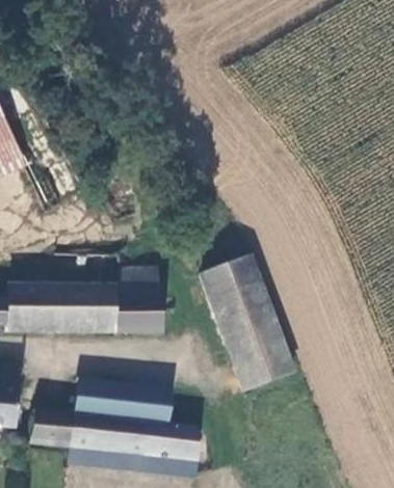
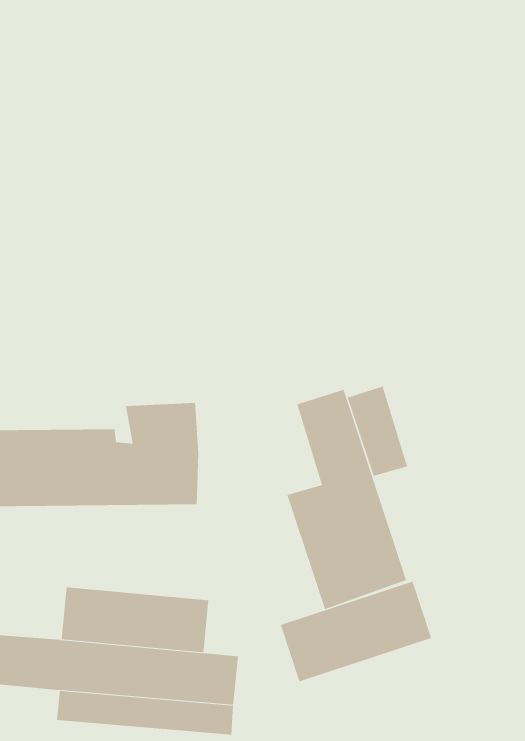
building: [202,267,240,324] -> [347,386,408,476]
building: none -> [280,581,432,682]

